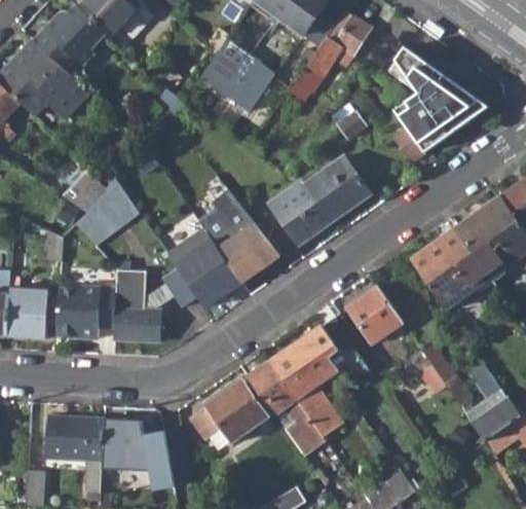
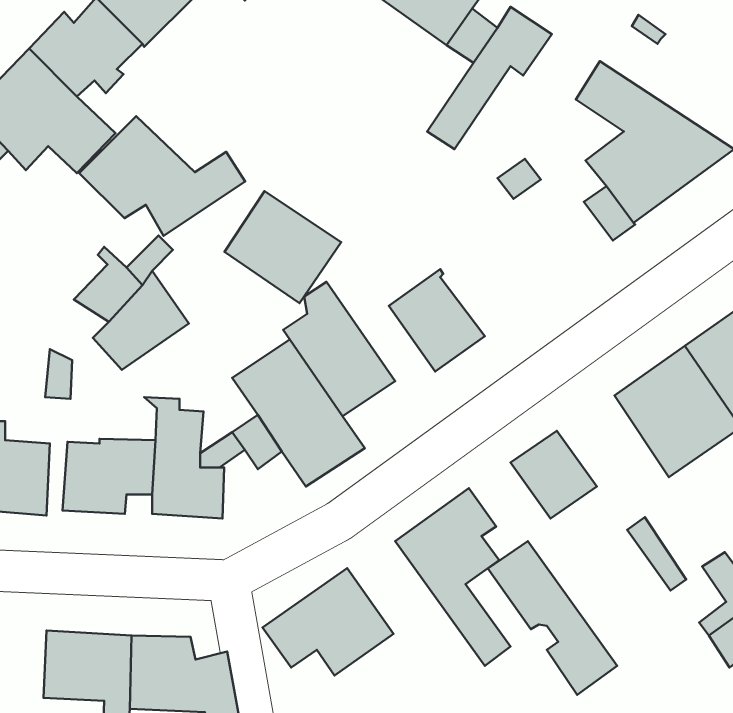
building: [201,42,276,114] -> [224,191,341,303]
building: none -> [79,116,245,236]
building: [299,157,368,224] -> none
building: [245,356,328,455] -> [488,541,617,695]

